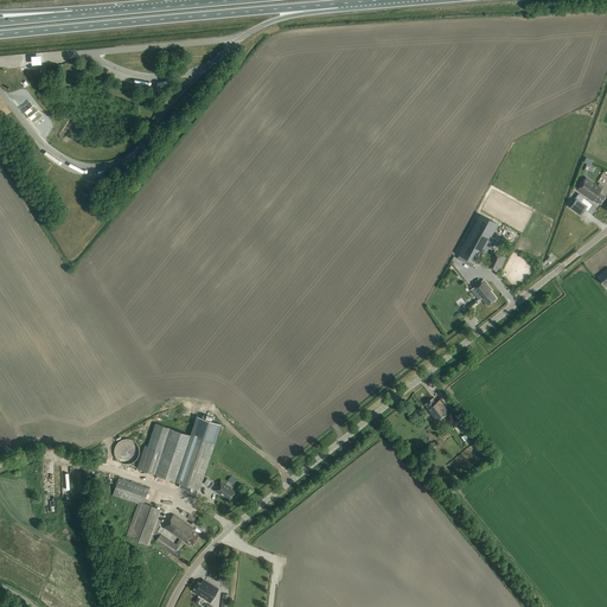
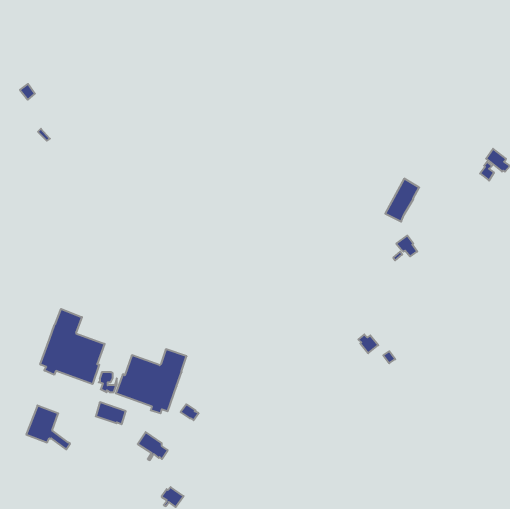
building: none -> [40,309,105,384]
building: [126,501,178,554] -> [26,405,70,449]

